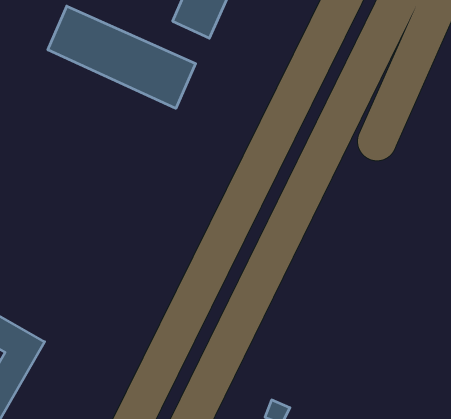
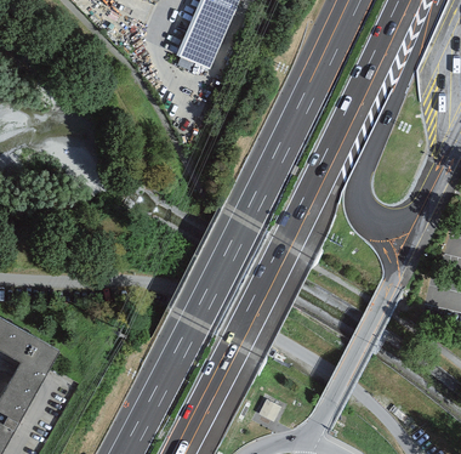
building: [48,6,196,108] -> none

